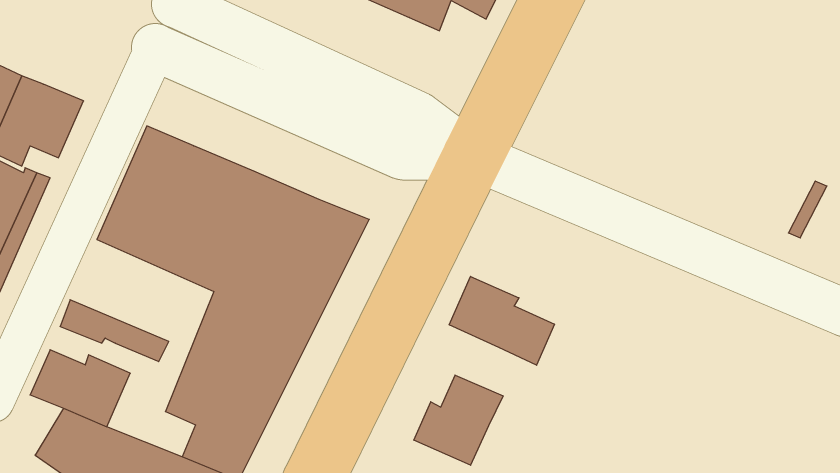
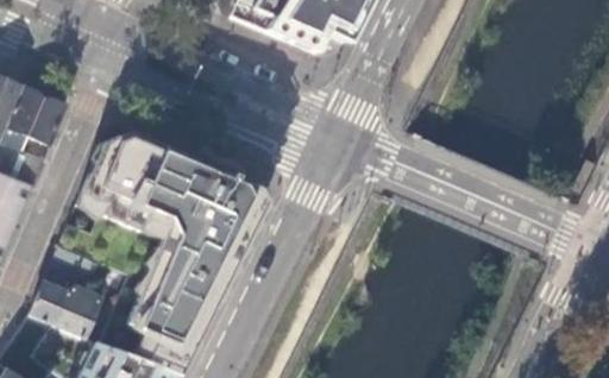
building: [449,276,554,365] -> none
building: [414,375,503,465] -> none

